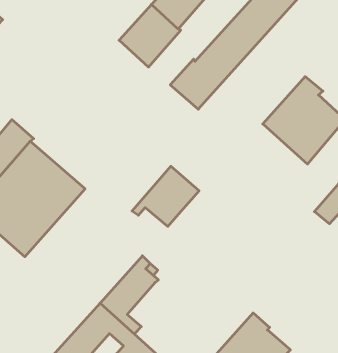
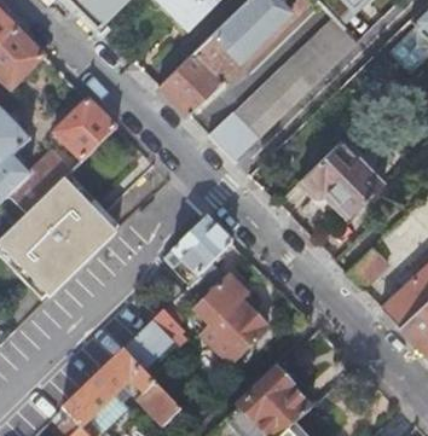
building: none -> [54,101,117,163]
building: none -> [185,262,266,365]

